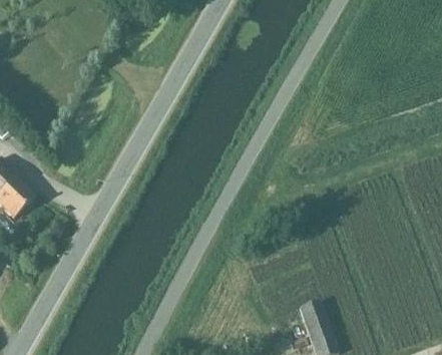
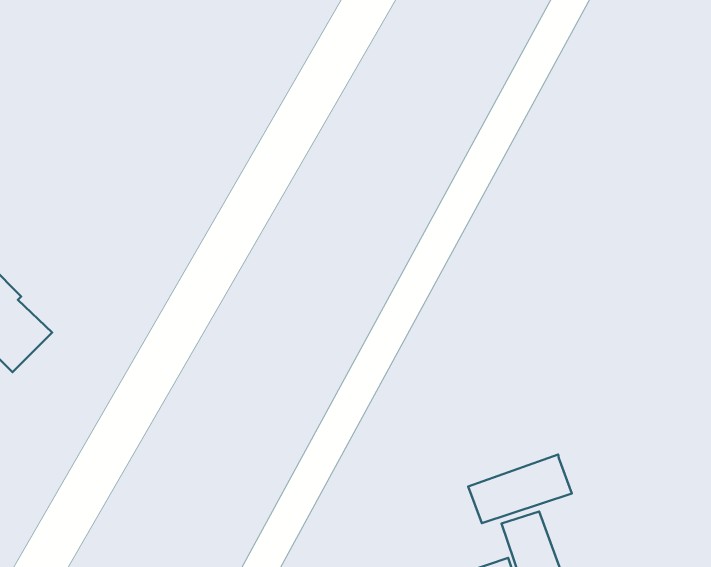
building: none -> [468,454,572,523]

